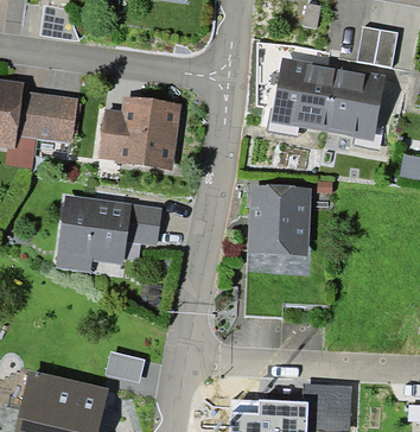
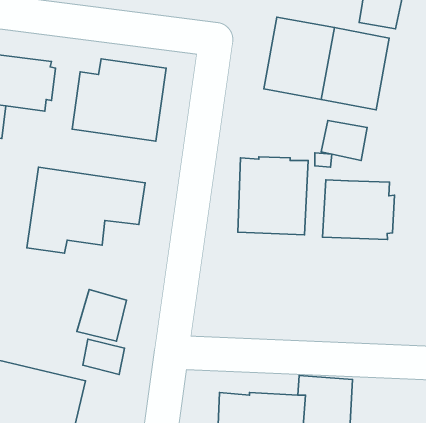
building: none -> [321,120,367,160]
building: none -> [323,180,394,240]
building: none -> [77,290,127,341]

